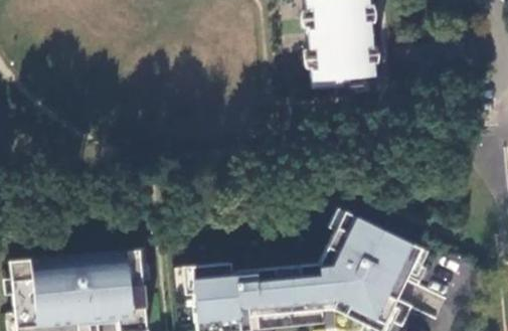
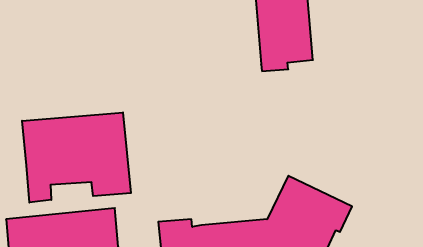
building: none -> [22,112,131,203]

